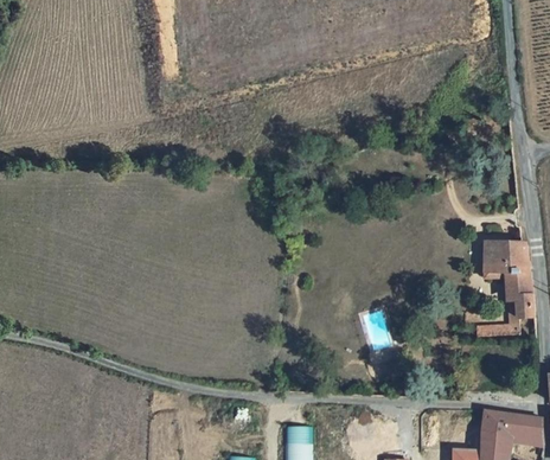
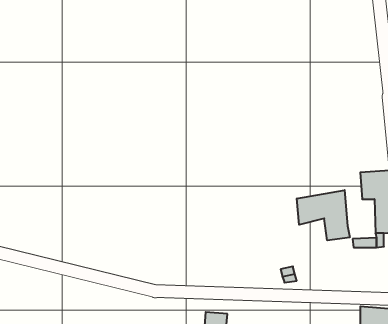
building: none -> [297,190,350,240]

